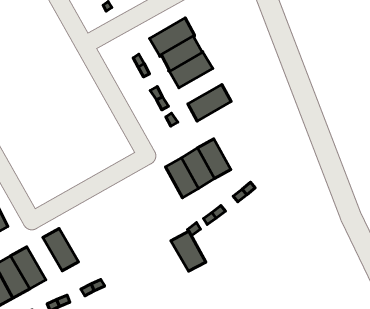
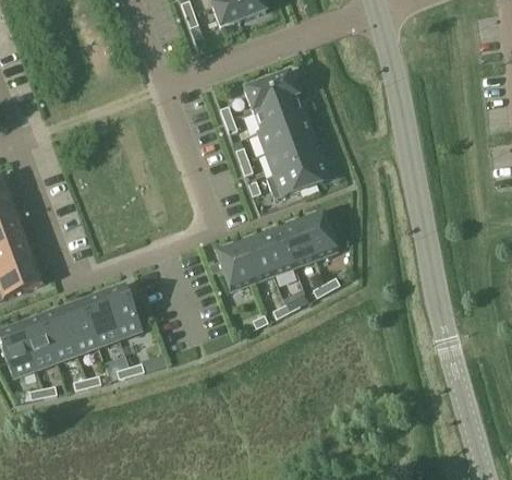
building: none -> [268,135,319,172]
building: none -> [300,211,336,257]
building: none -> [101,286,139,337]
building: [171,231,206,271] -> [215,242,252,289]
building: none -> [60,302,97,352]

